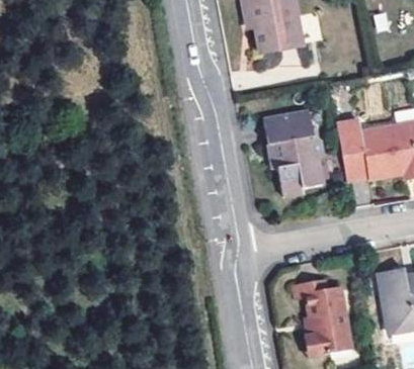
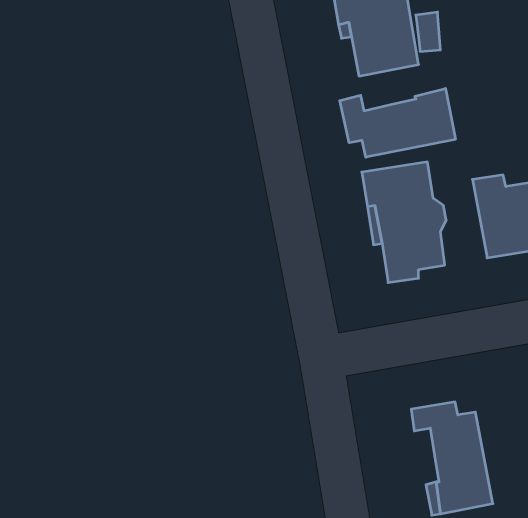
building: none -> [340,88,455,157]

